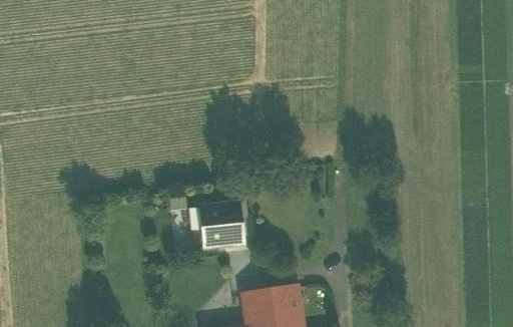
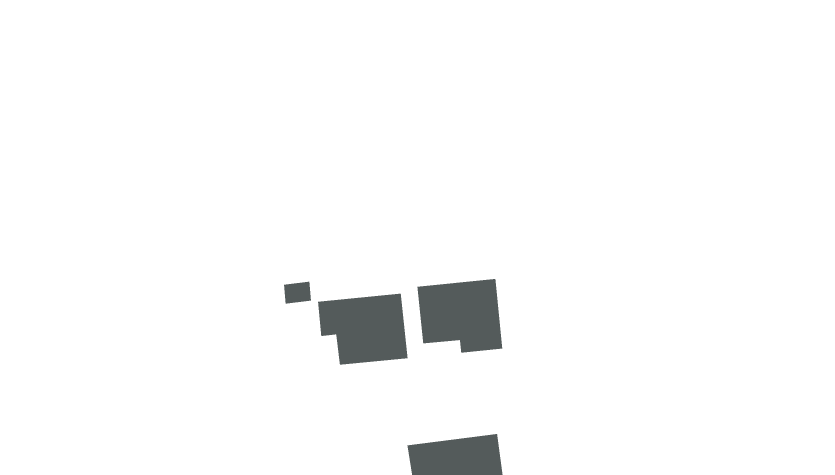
building: none -> [416,278,503,354]

